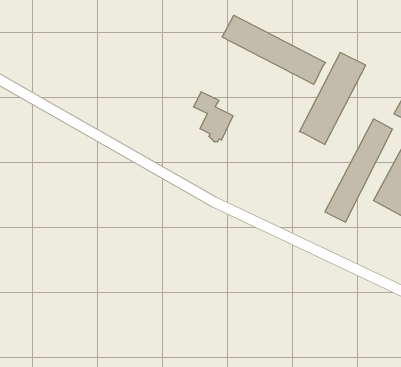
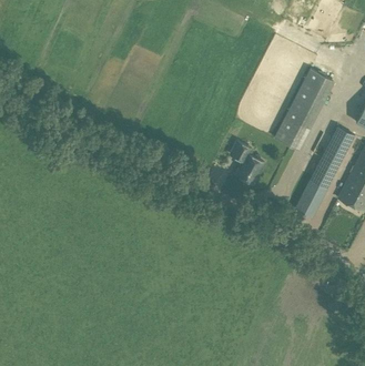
building: [222,15,326,84] -> none
building: [193,92,233,141] -> [231,142,265,185]

